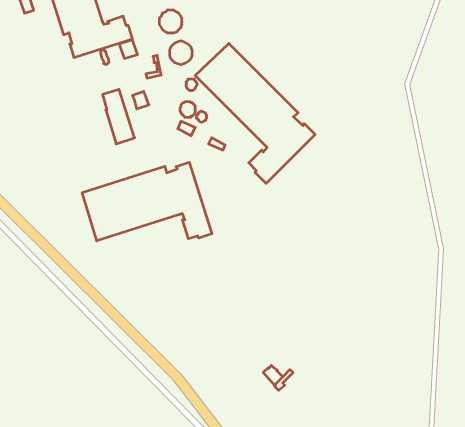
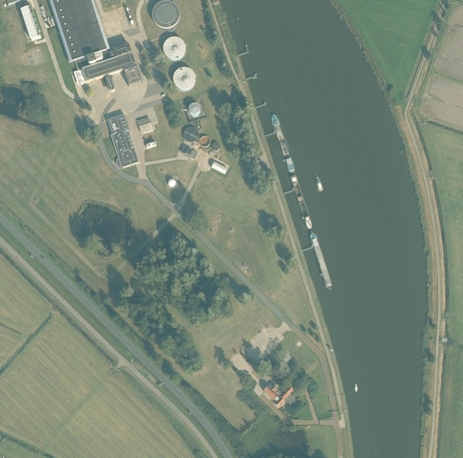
building: [195,43,315,183] -> none
building: [82,162,212,241] -> none

